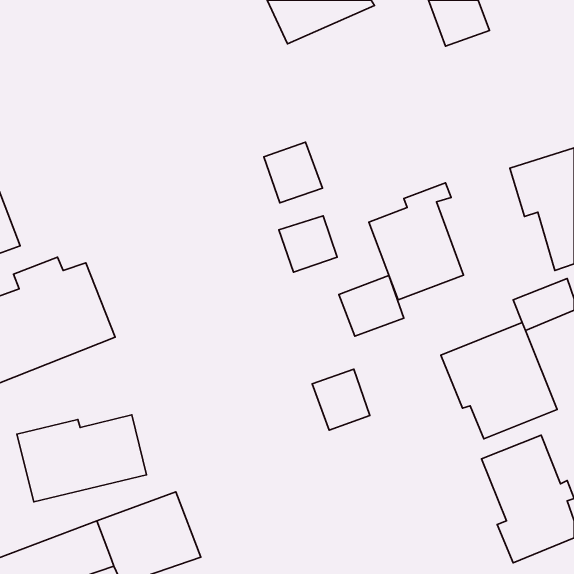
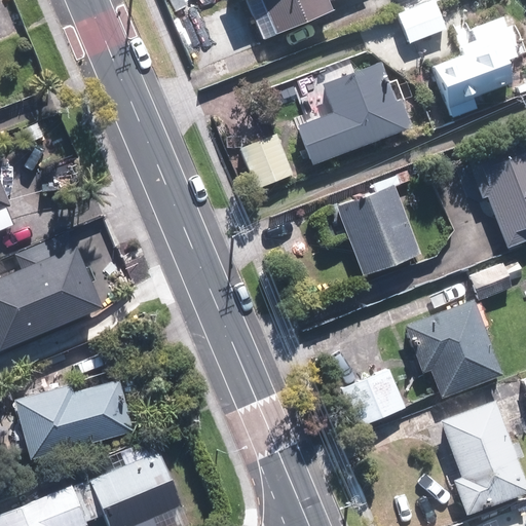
building: none -> [431,21,516,120]
building: none -> [297,53,416,166]
building: [279,216,337,272] -> none
building: [339,275,404,336] -> none
building: [312,369,370,430] -> [352,369,405,424]

